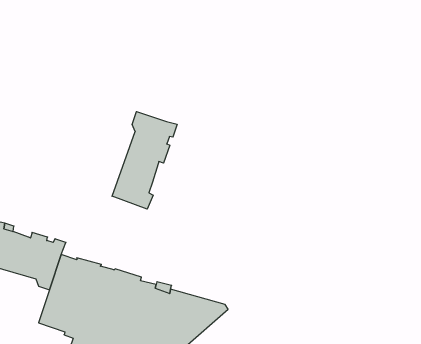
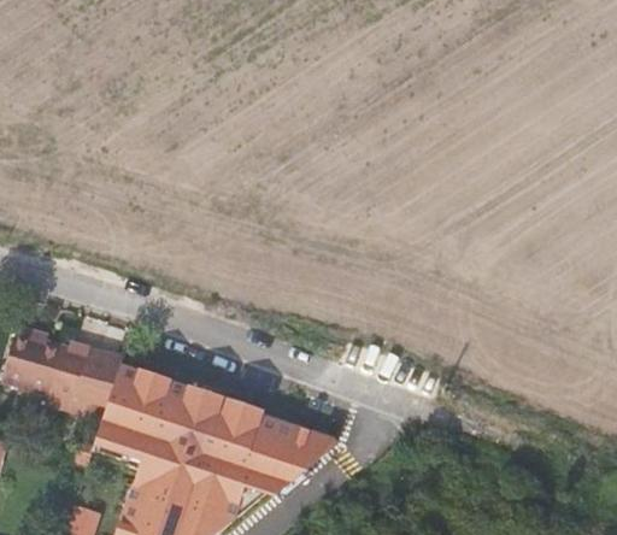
building: [112,112,177,209] -> none

